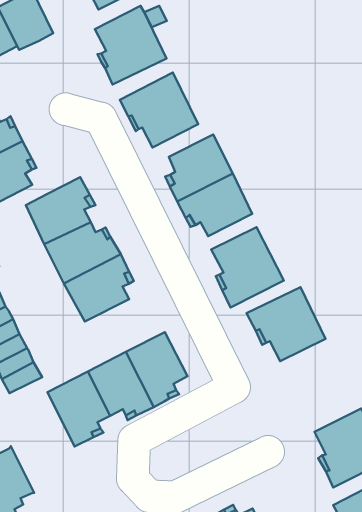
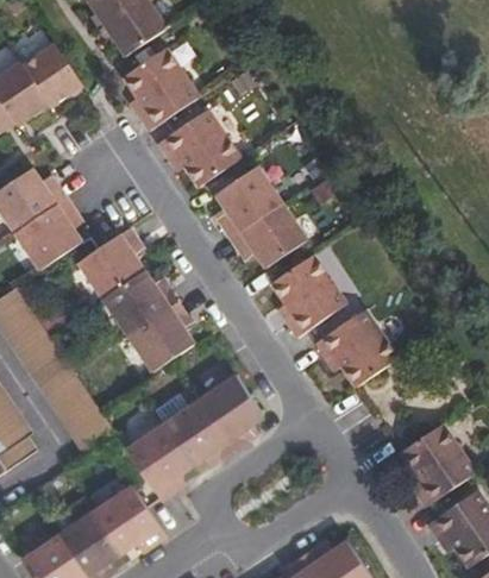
building: none -> [94,484,165,552]

